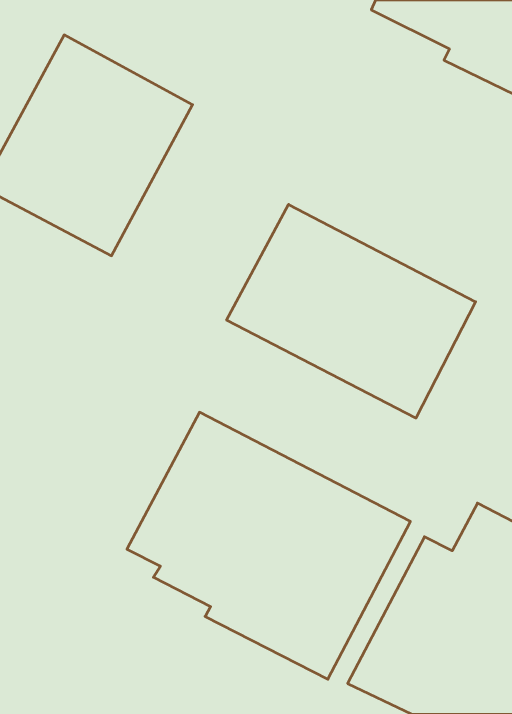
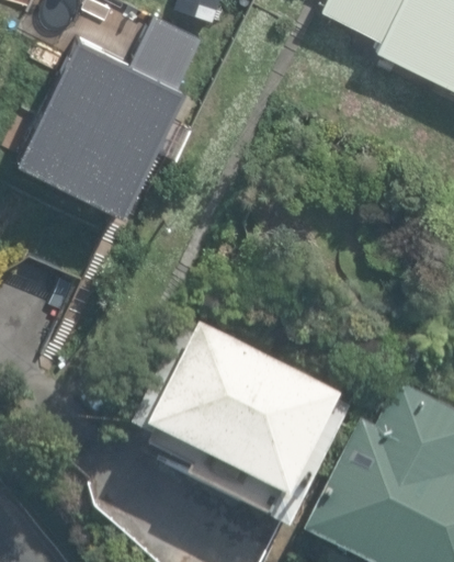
building: [227,204,476,418] -> none

